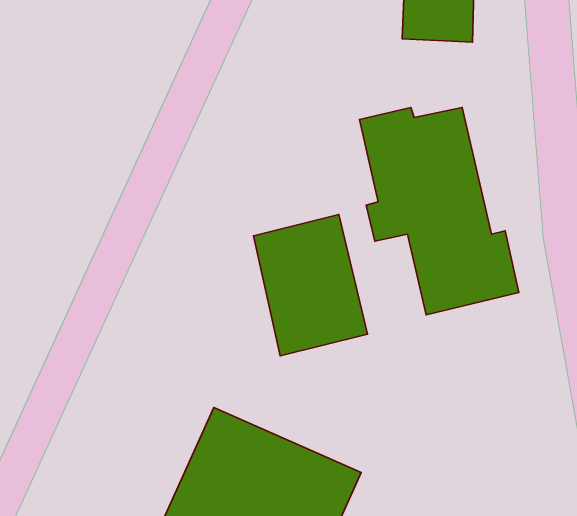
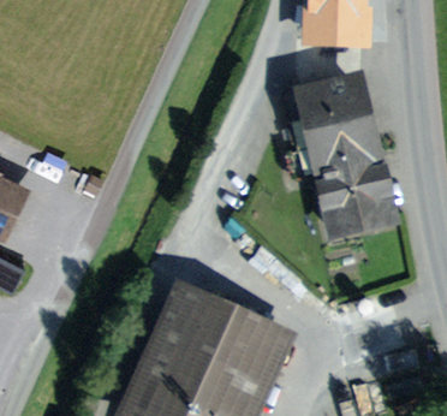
building: [254,215,368,356] -> none

